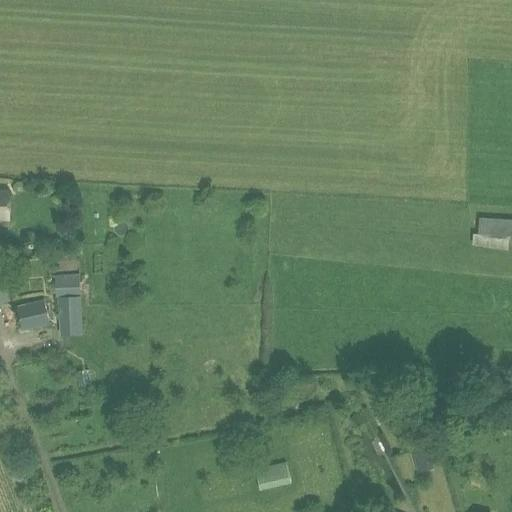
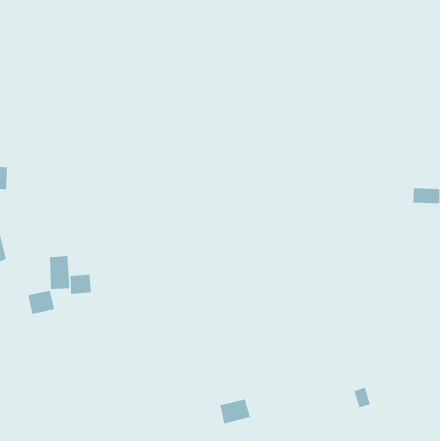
building: [53,273,79,297] -> [69,274,92,295]
building: [16,300,48,329] -> [28,290,55,315]

